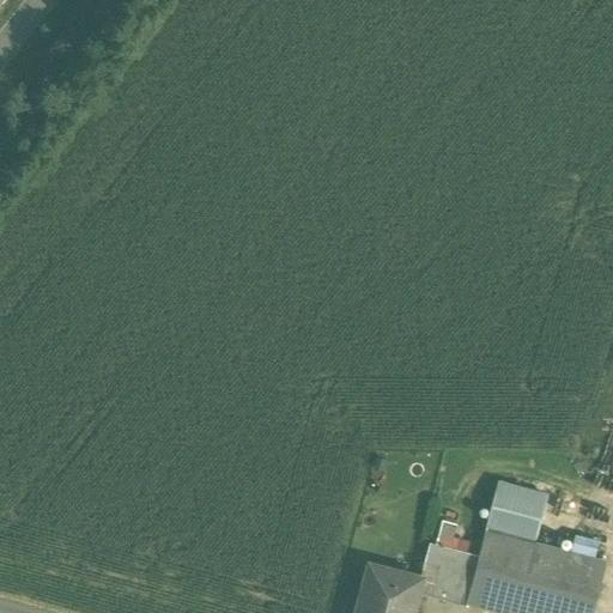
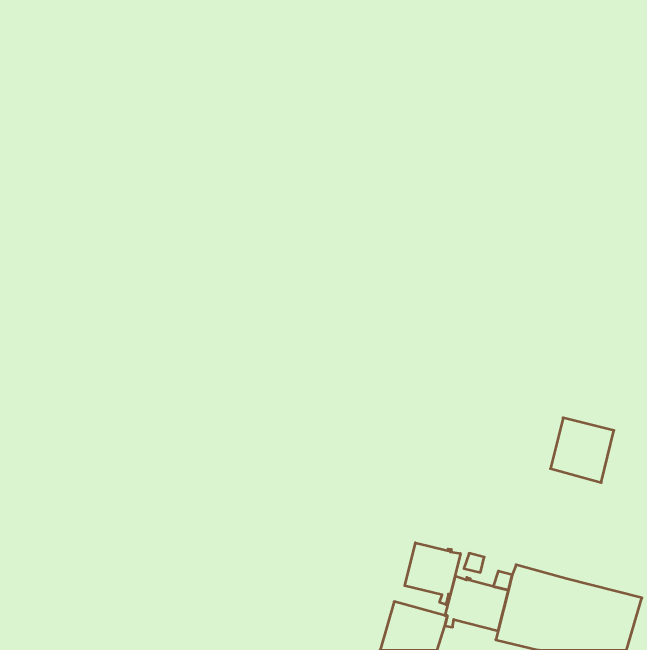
building: [486,484,546,545] -> [550,418,614,483]
building: none -> [405,543,460,605]

